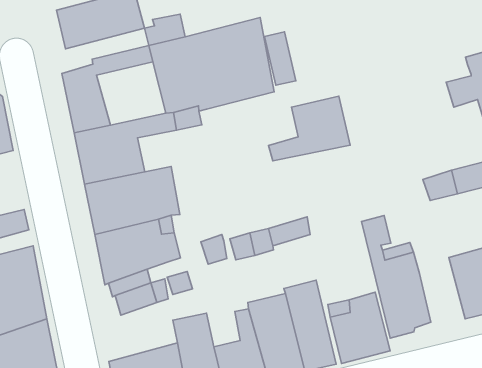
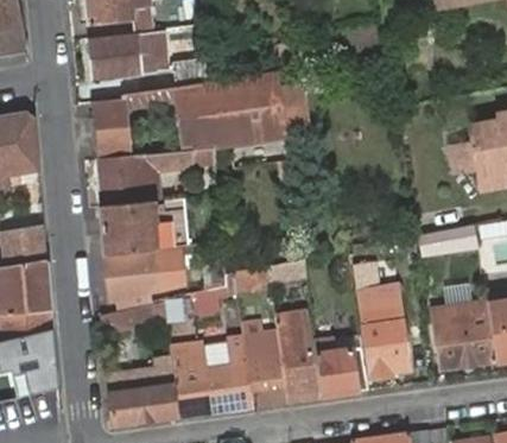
building: [269,96,350,161] -> none

